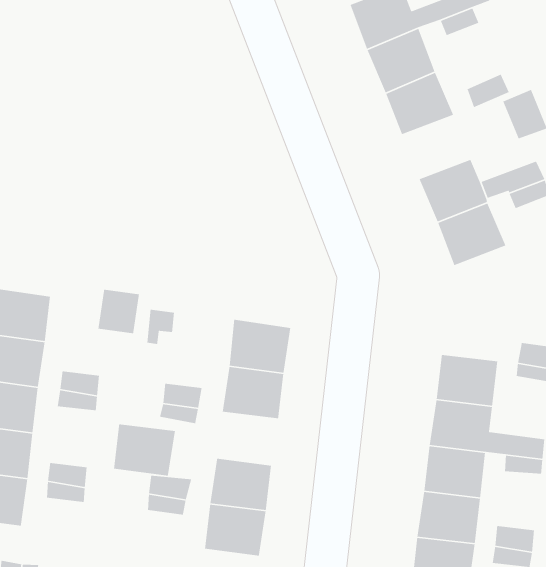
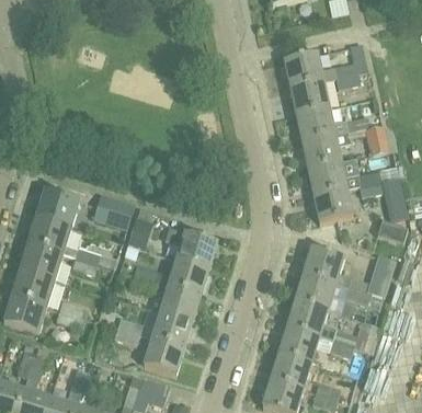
building: none -> [301,134,340,168]
building: none -> [303,246,344,283]
building: [113,424,176,476] -> [160,285,201,321]

